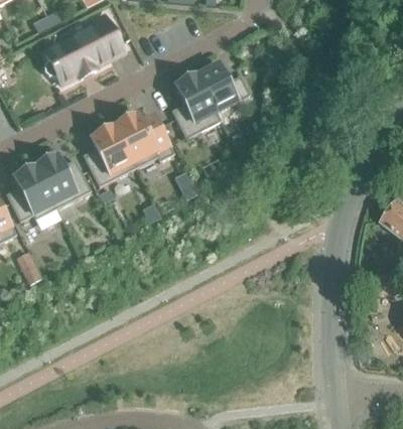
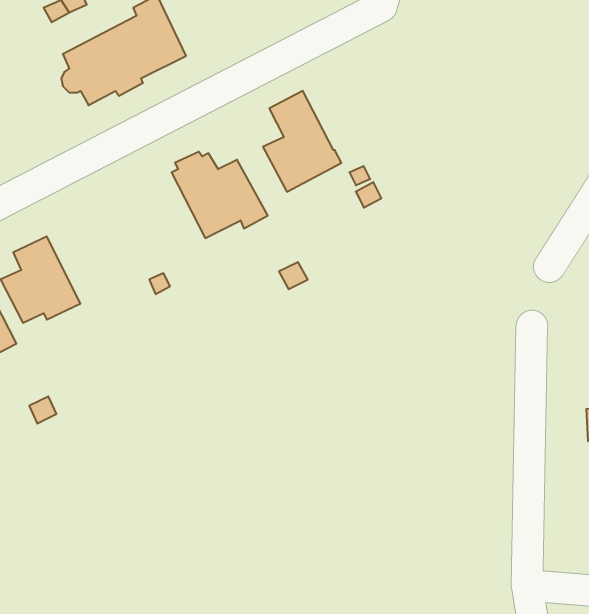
building: [195,62,249,111] -> none
building: [82,123,134,185] -> none
building: [34,154,90,207] -> none

